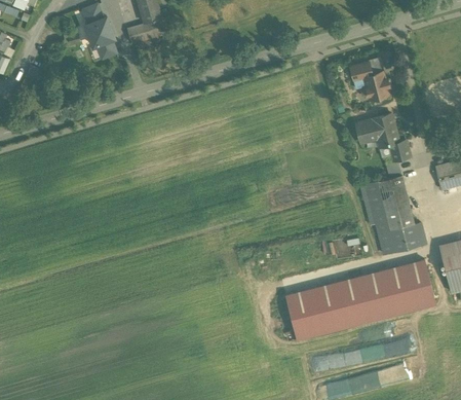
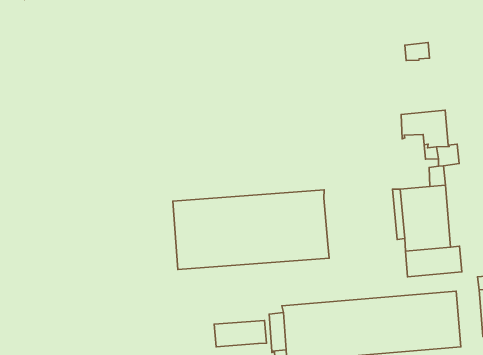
building: [361,72,389,100] -> none
building: none -> [173,190,329,270]
building: none -> [214,320,267,347]

